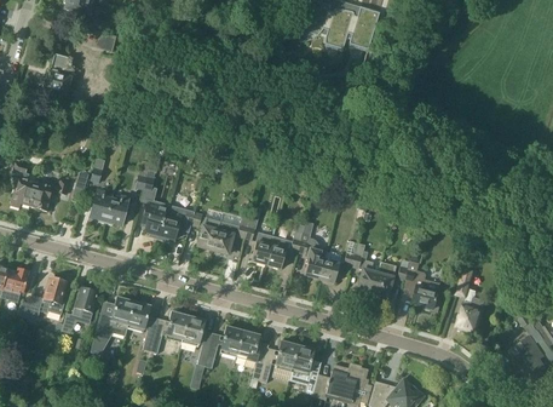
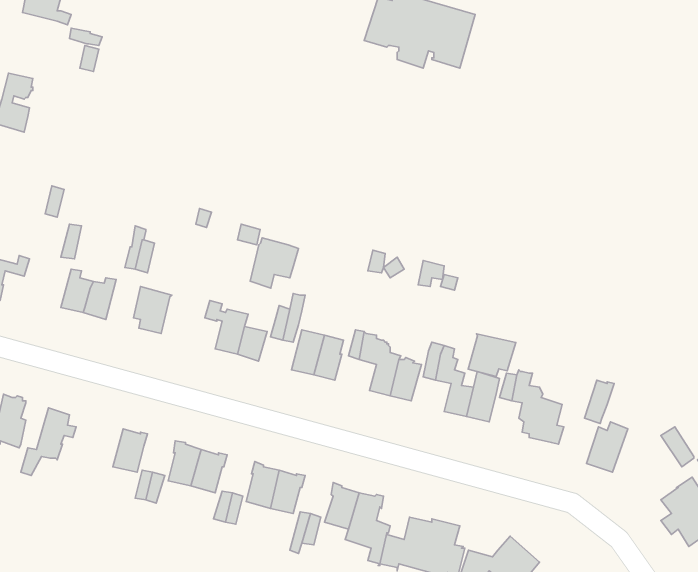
building: [160,205,194,240] -> [250,238,299,288]
building: none -> [468,334,516,376]
building: [91,296,133,354] -> none

